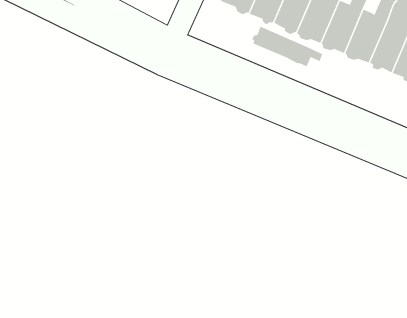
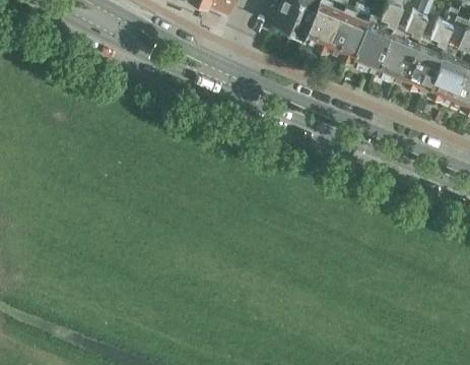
building: [252,26,323,67] -> none

